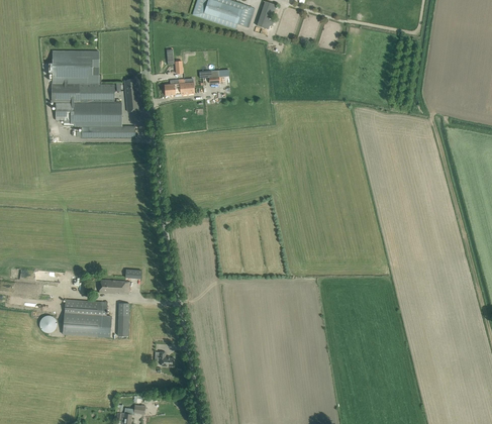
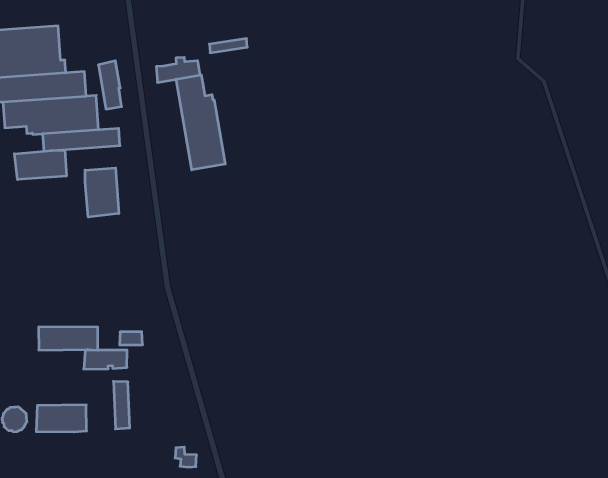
building: none -> [176,75,225,170]
building: none -> [14,150,66,180]
building: none -> [85,168,119,217]
building: [65,299,107,318] -> [39,327,98,350]

